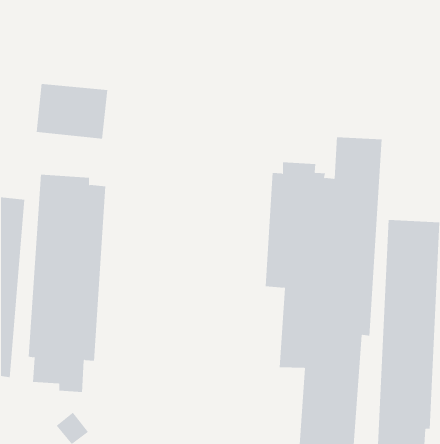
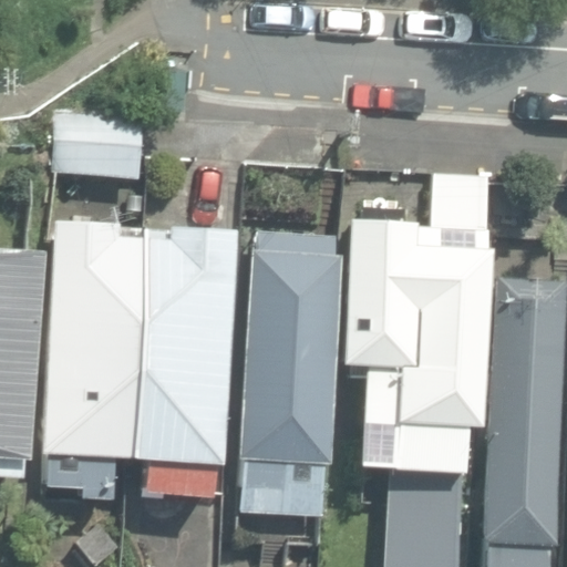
building: none -> [132,228,236,495]
building: none -> [240,233,341,518]

